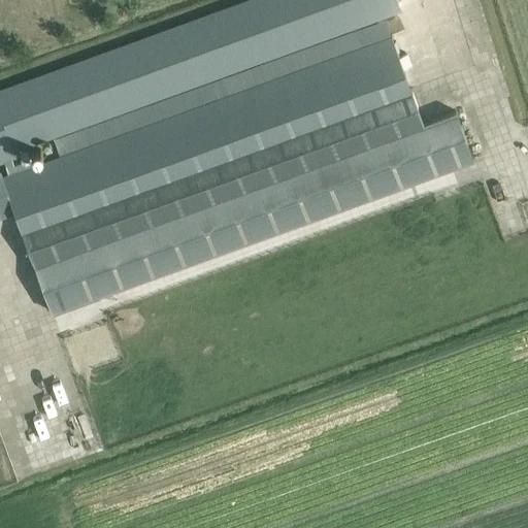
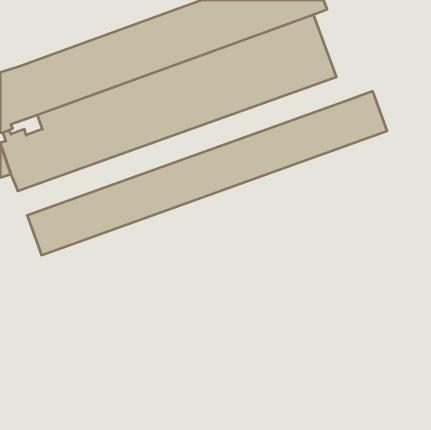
building: [23,96,422,265] -> none

